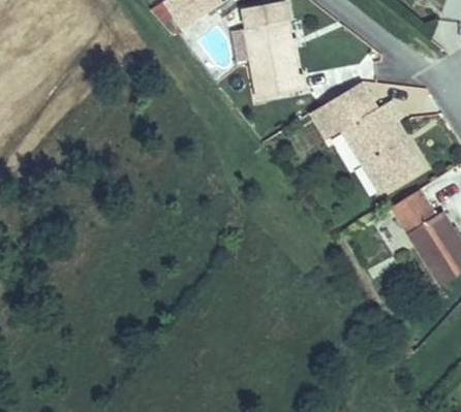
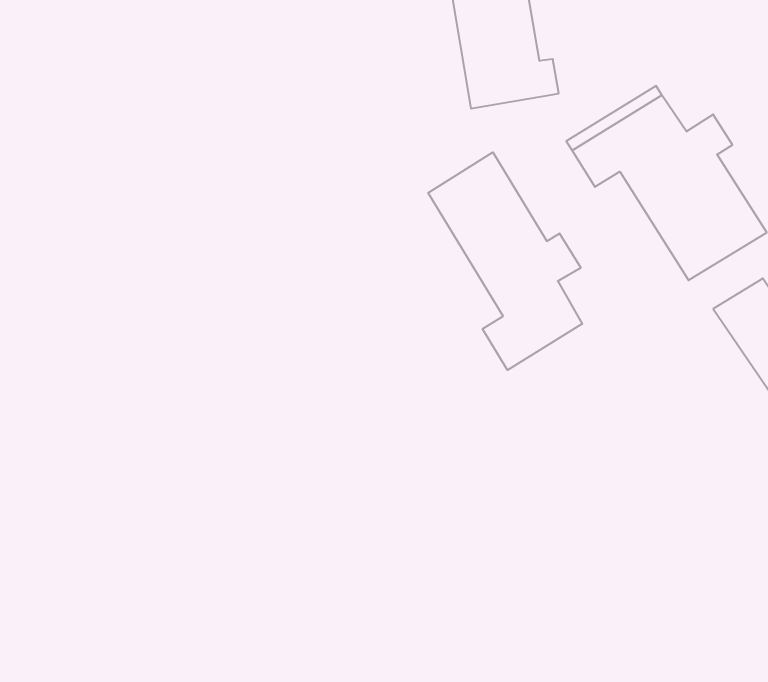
building: none -> [428,152,582,370]

